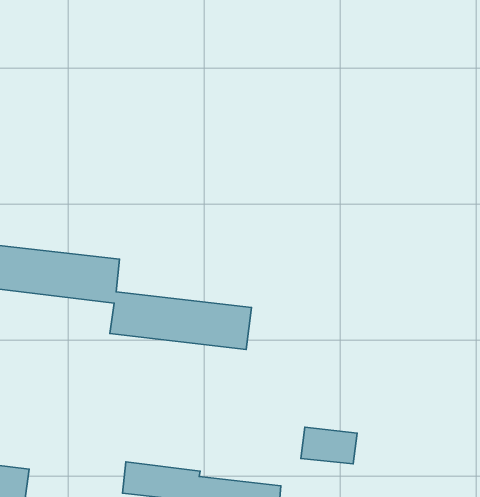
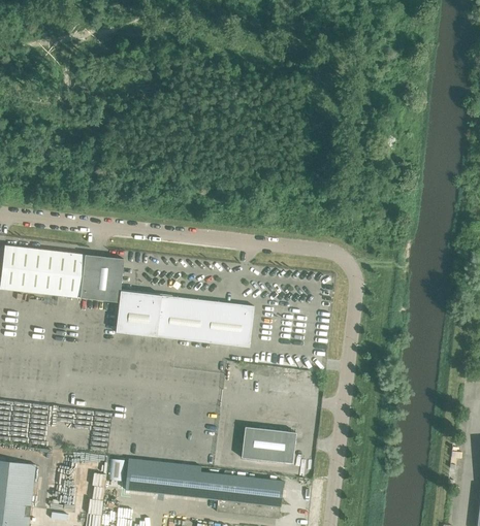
building: [301,427,357,464] -> [241,426,296,462]

